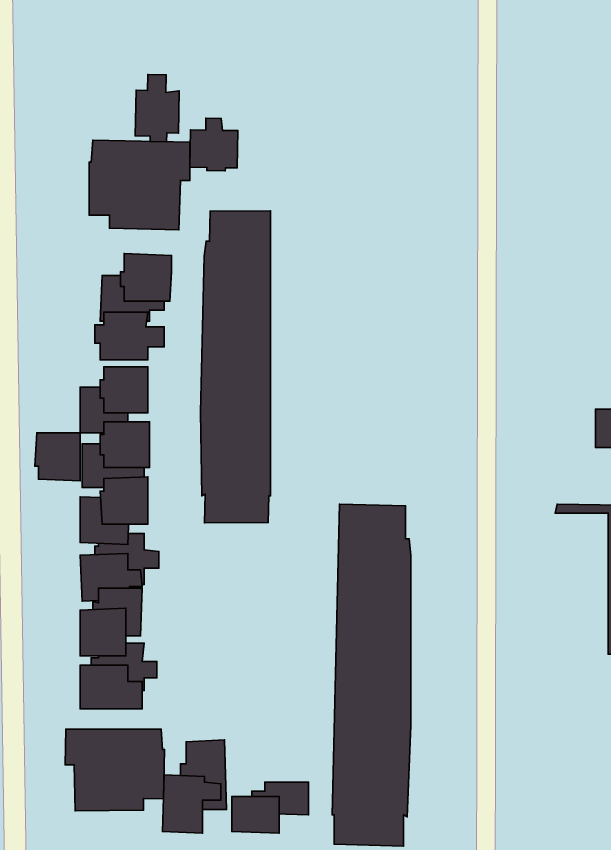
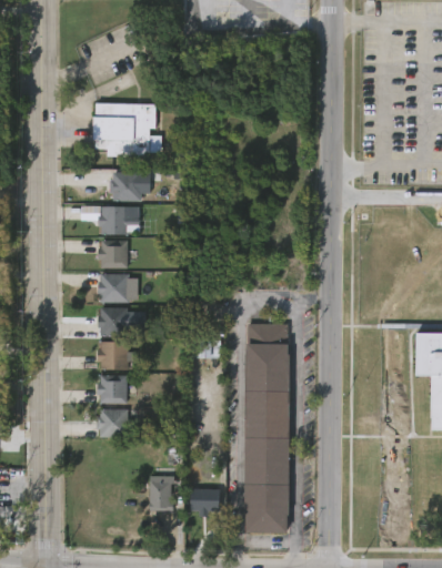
building: [135,75,179,142] -> none
building: [190,118,238,171] -> none
building: [200,211,270,523] -> none
building: [35,433,80,481] -> none
building: [65,729,164,811] -> none

